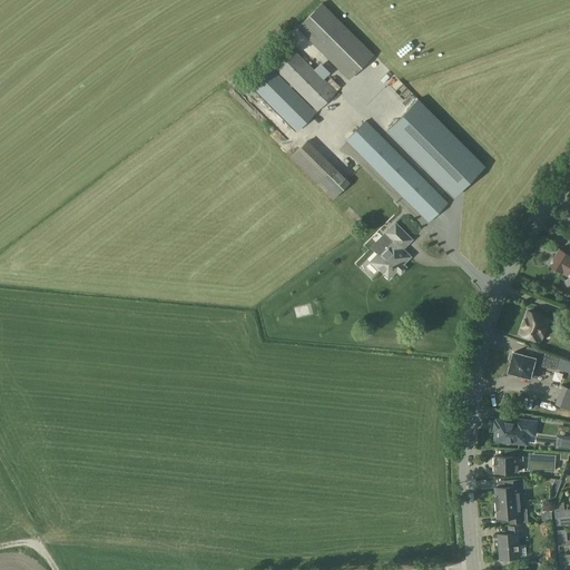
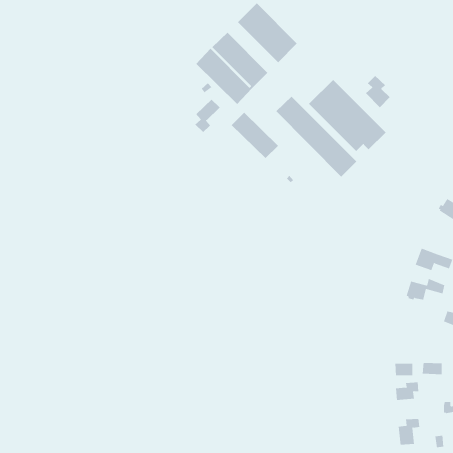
building: none -> [365,75,390,108]
building: none -> [195,99,221,133]
building: [371,225,412,279] -> none
building: [497,421,537,444] -> none
building: [498,501,529,523] -> none

